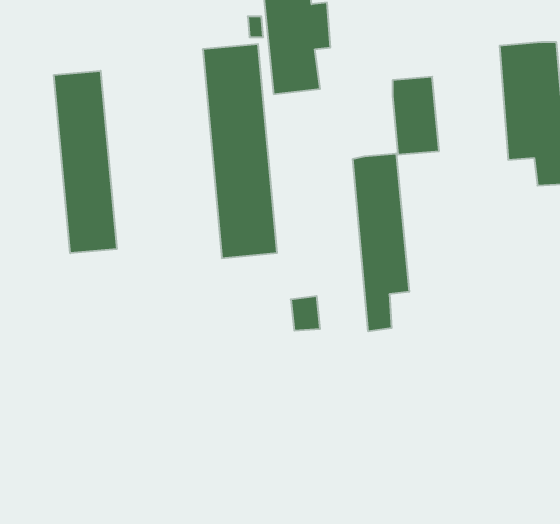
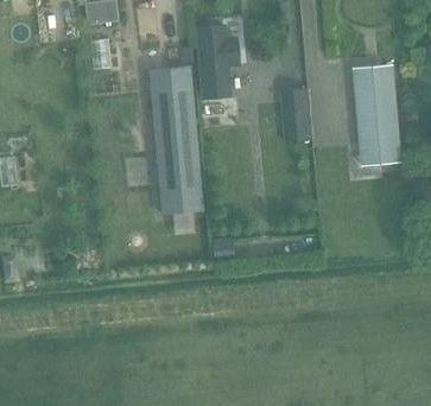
building: [54,71,117,253] -> none
building: [353,153,409,331] -> none

